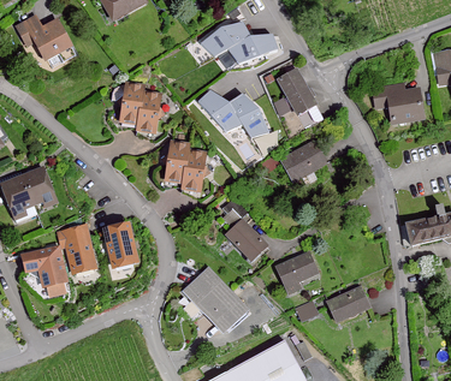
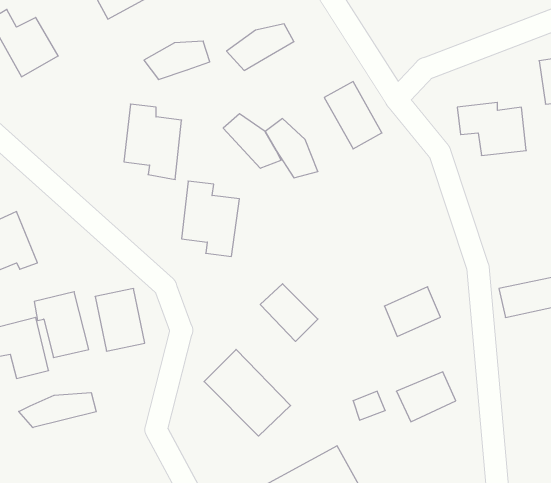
building: [227,36,277,65] -> [144,41,210,80]
building: [280,141,327,181] -> none
building: [278,251,320,288] -> [384,287,440,336]
building: none -> [19,393,96,428]

